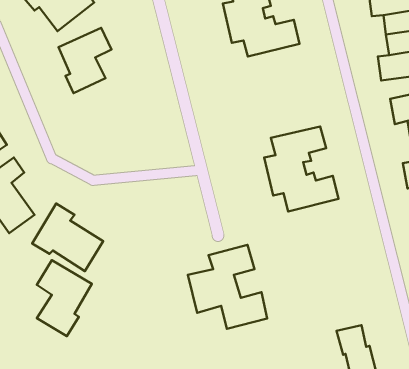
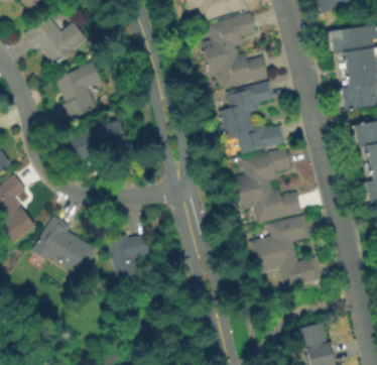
building: none -> [219,81,283,153]
building: none -> [70,121,125,161]
building: none -> [108,235,151,279]
building: [188,245,267,329] -> [250,216,320,289]
building: [37,260,92,336] -> none

